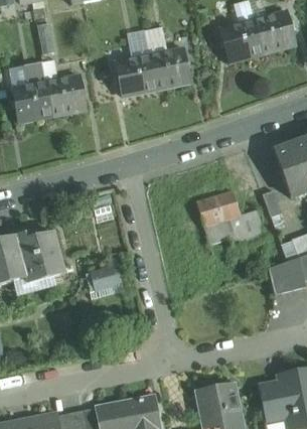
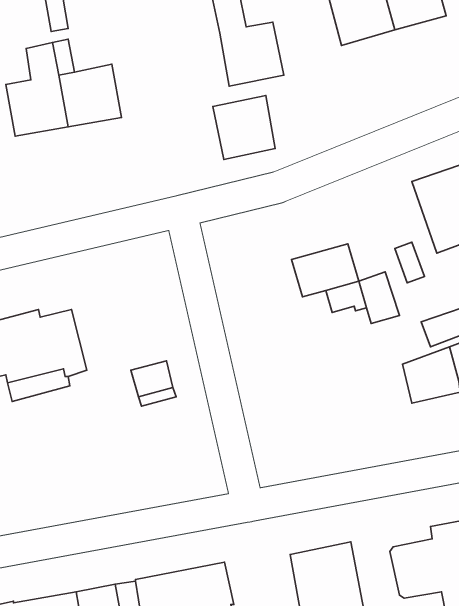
building: [116,54,156,96] -> [213,96,275,160]
building: [203,221,248,248] -> none

